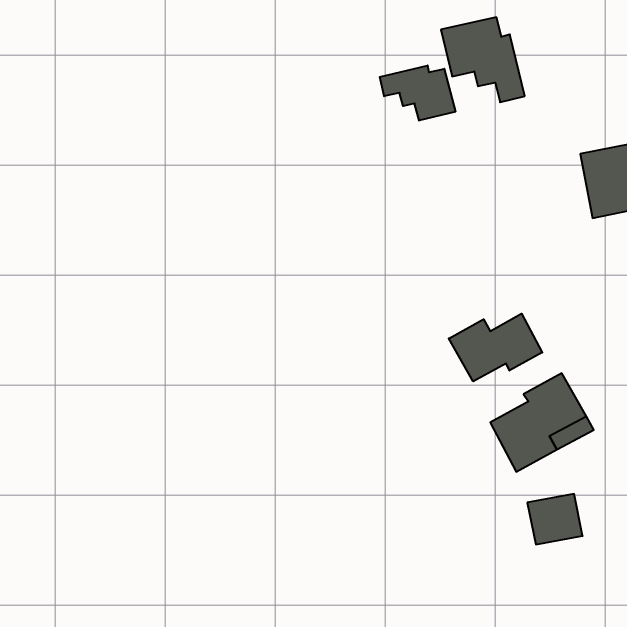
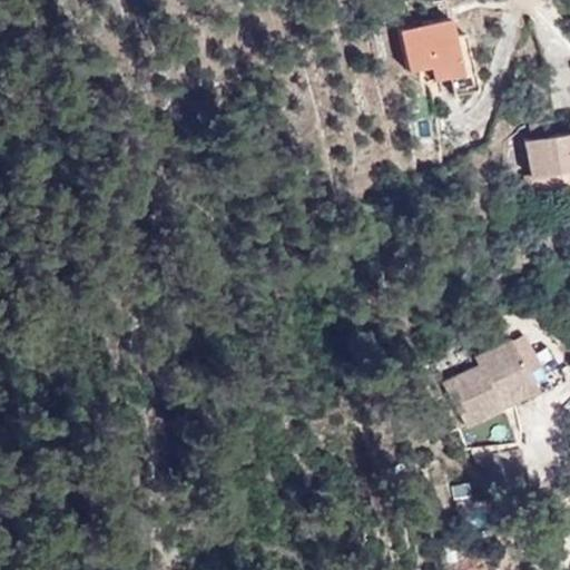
building: [380,65,455,121] -> none
building: [449,314,542,381] -> none

